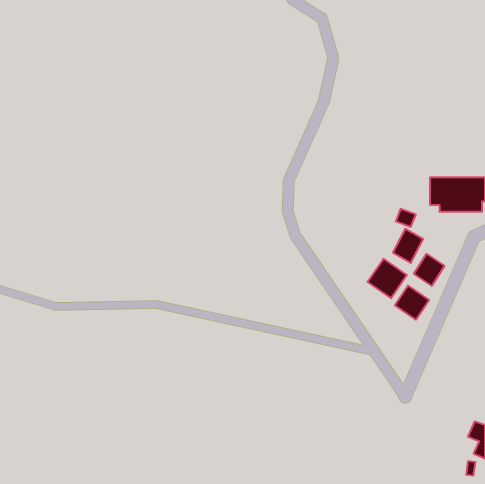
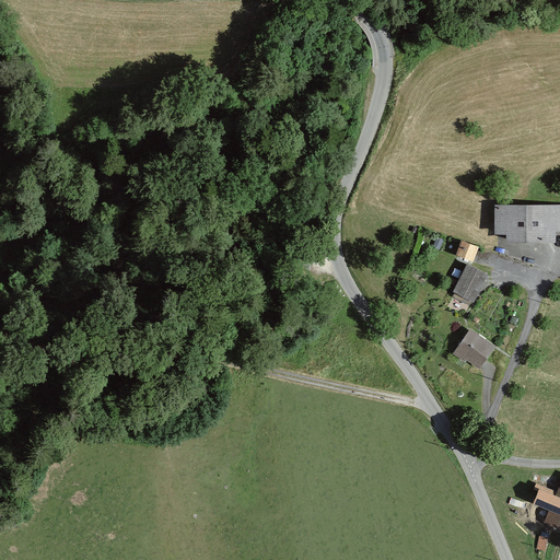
building: [414,254,444,286] -> none
building: [368,259,407,298] -> none

